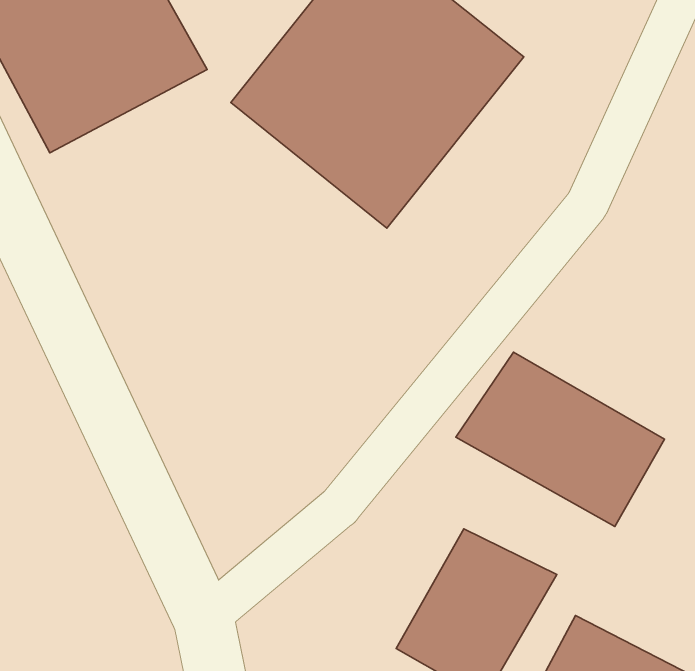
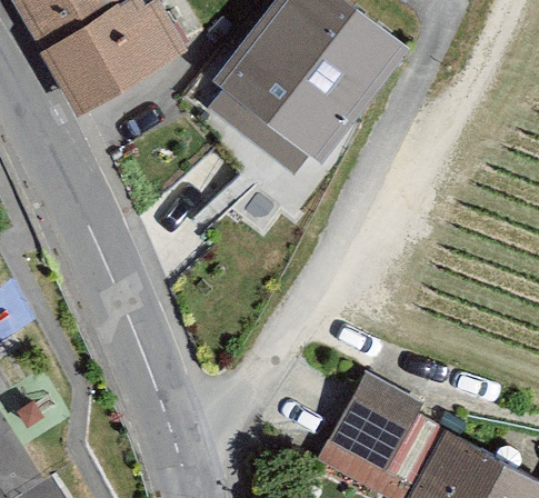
building: [456,352,665,527] -> none

